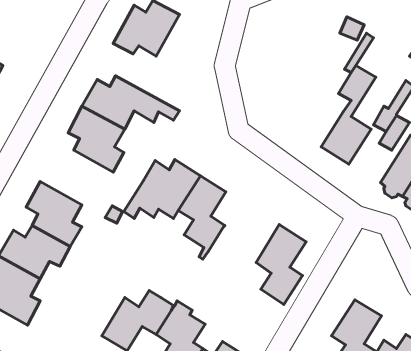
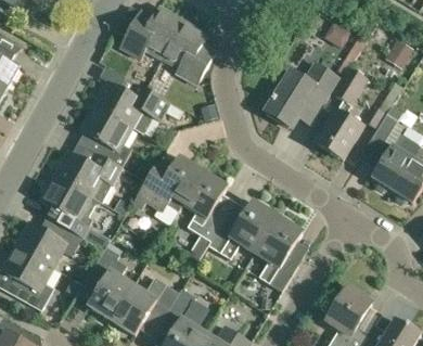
building: none -> [162,20,215,84]
building: none -> [265,63,337,127]
building: none -> [53,146,121,197]
building: none -> [207,201,277,258]
building: none -> [87,246,132,320]

